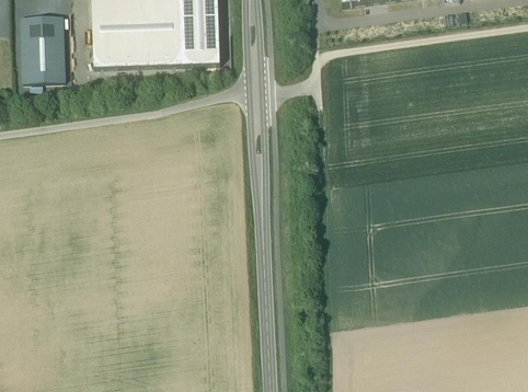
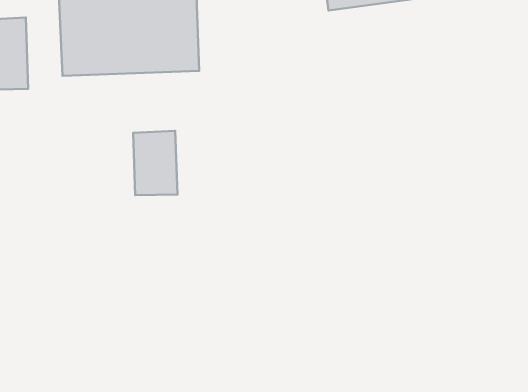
building: none -> [133,131,177,195]

